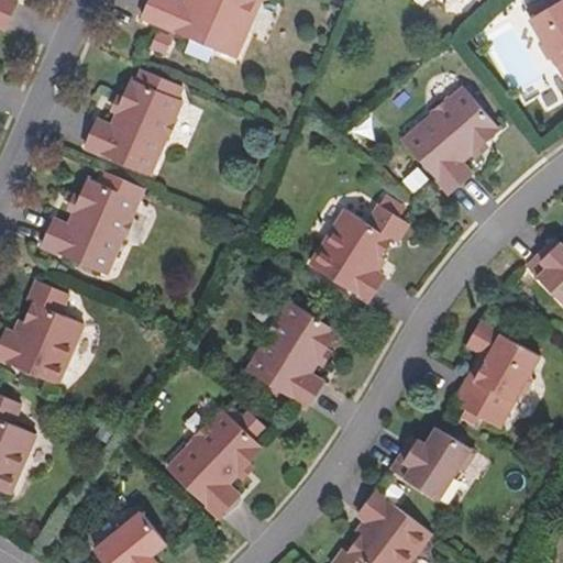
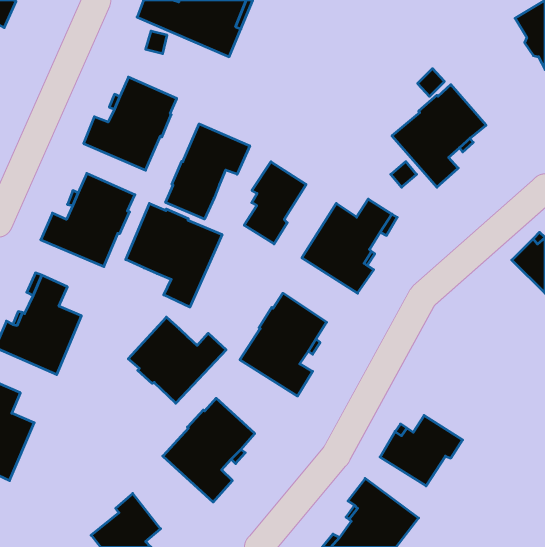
building: none -> [166,124,250,219]
building: none -> [244,162,306,244]
building: none -> [126,203,222,307]
building: [453,321,539,428] -> none
building: none -> [128,317,226,403]

